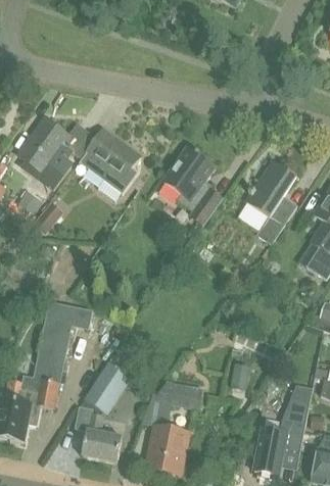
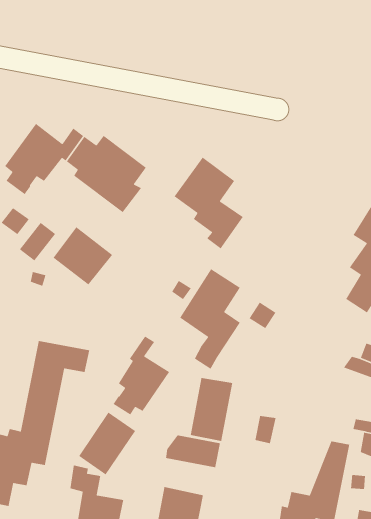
building: [244,158,296,244] -> [179,268,241,370]
building: none -> [53,226,113,286]
building: none -> [113,335,170,416]
building: none -> [190,377,233,442]

